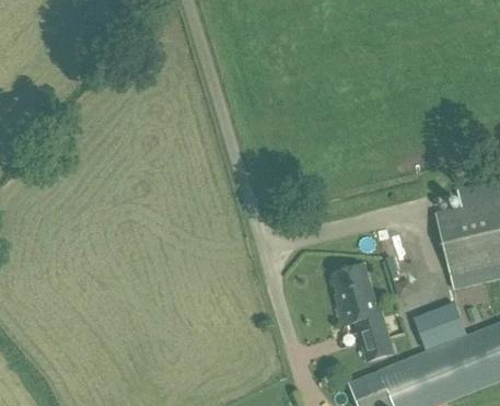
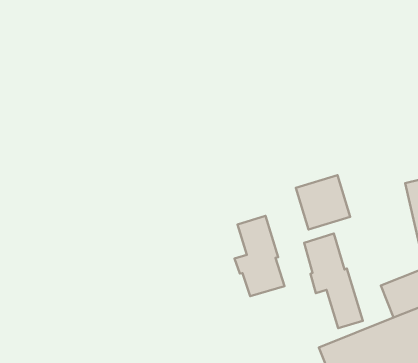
building: none -> [296,175,350,229]
building: none -> [235,216,285,296]

